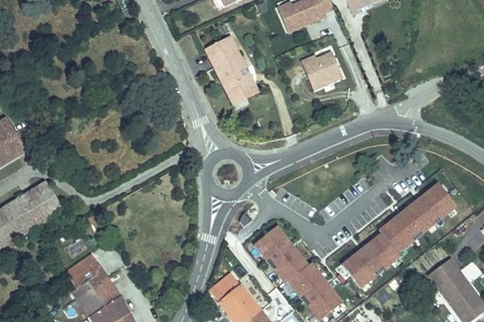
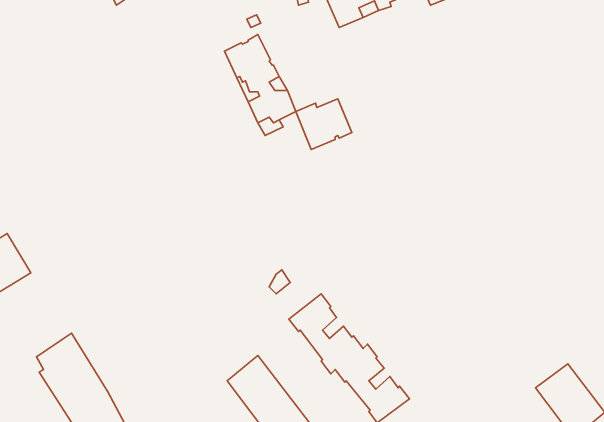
building: [302,52,343,89] -> [296,99,352,149]
building: [338,187,453,288] -> none
building: [424,262,456,292] -> none

